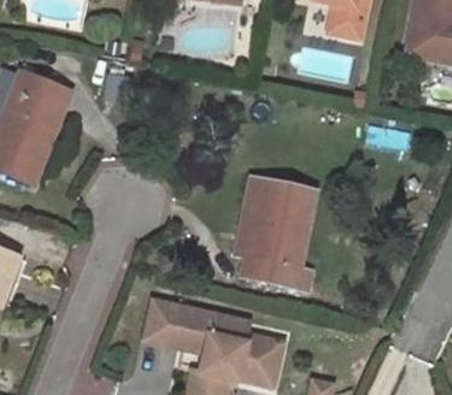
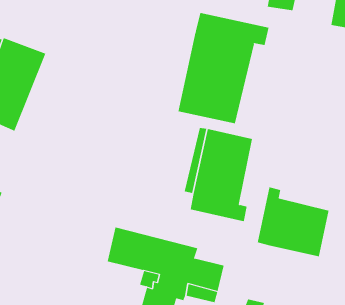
building: none -> [178,12,269,124]
building: none -> [257,187,329,257]

